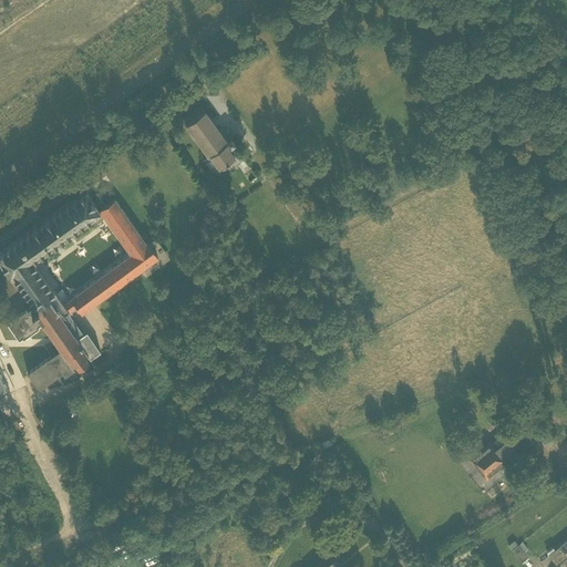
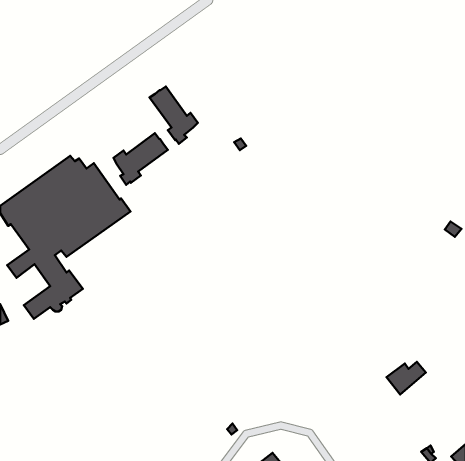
building: none -> [113,133,168,185]

